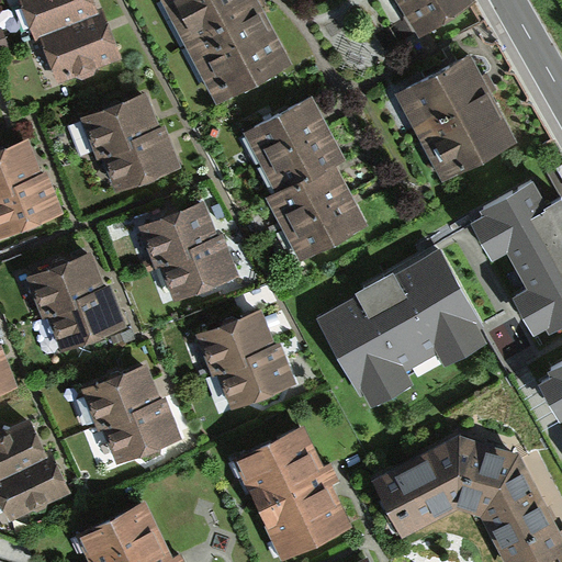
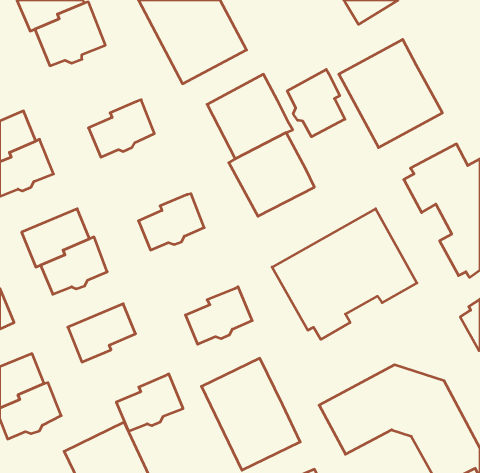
building: none -> [287,69,345,137]
building: [80,92,159,160] -> none
building: [138,201,218,269] -> none
building: [194,311,273,379] -> none
building: [101,396,179,463] -> [116,374,183,431]

